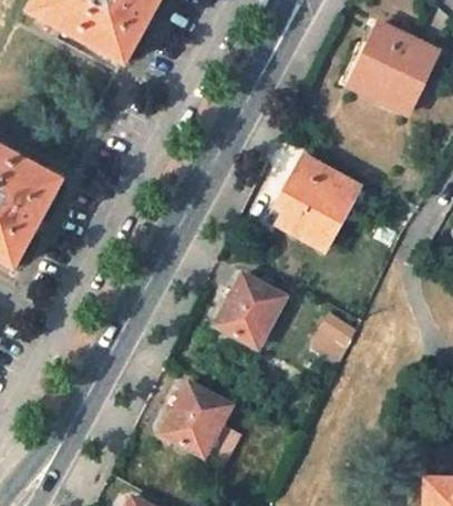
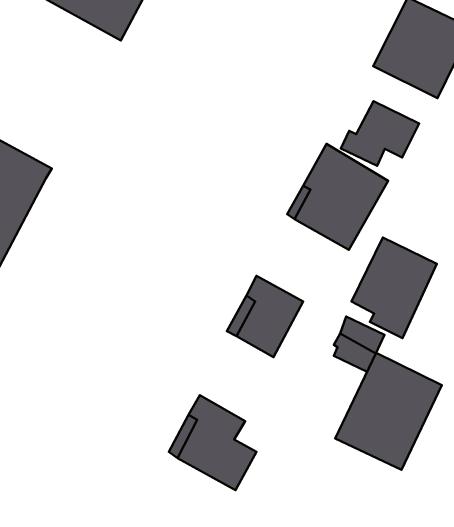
building: none -> [341,101,419,166]
building: none -> [352,238,437,338]
building: none -> [335,353,442,470]

